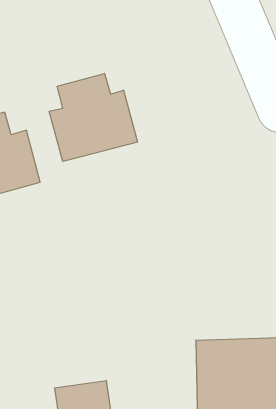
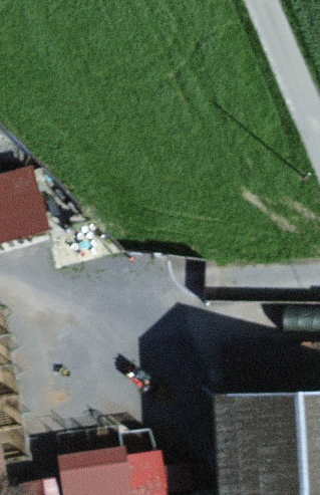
building: [49,73,137,161] -> none

